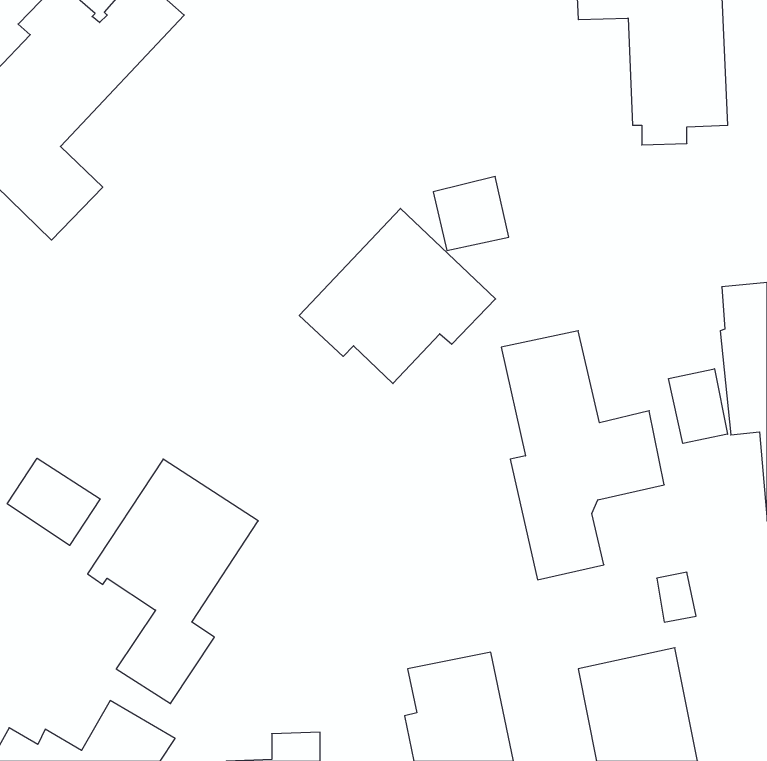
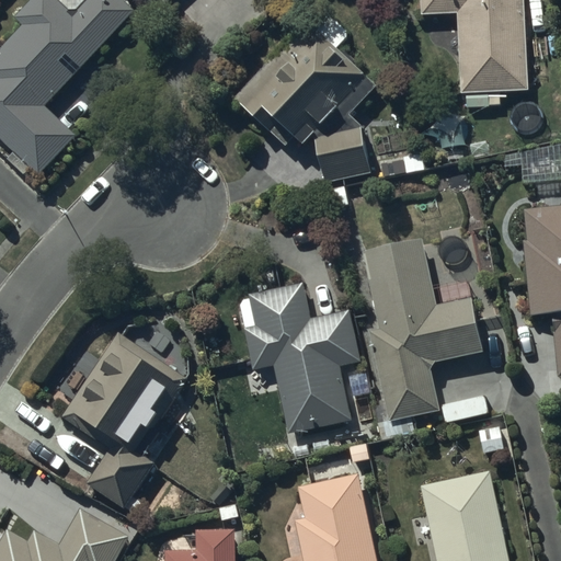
building: [299,208,496,384] -> [232,21,375,148]
building: [669,369,728,443] -> none
building: none -> [239,282,359,433]
building: [7,458,100,545] -> none

